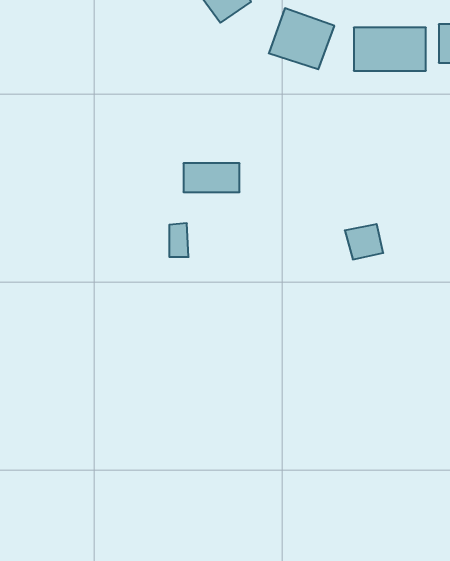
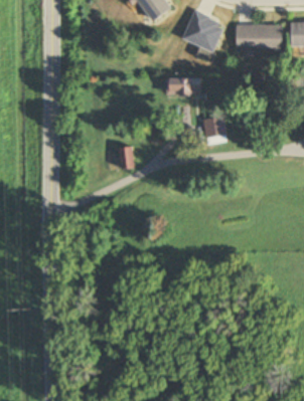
building: [183,163,240,192] -> [165,77,200,95]
building: [345,224,383,259] -> [200,116,224,138]

